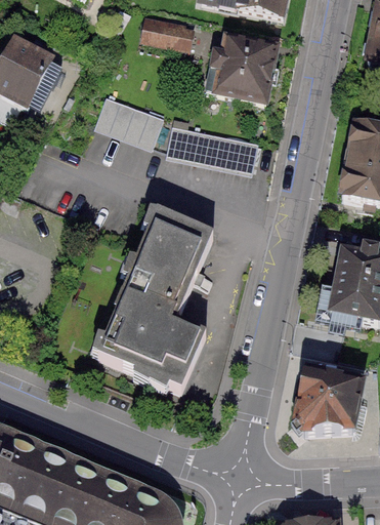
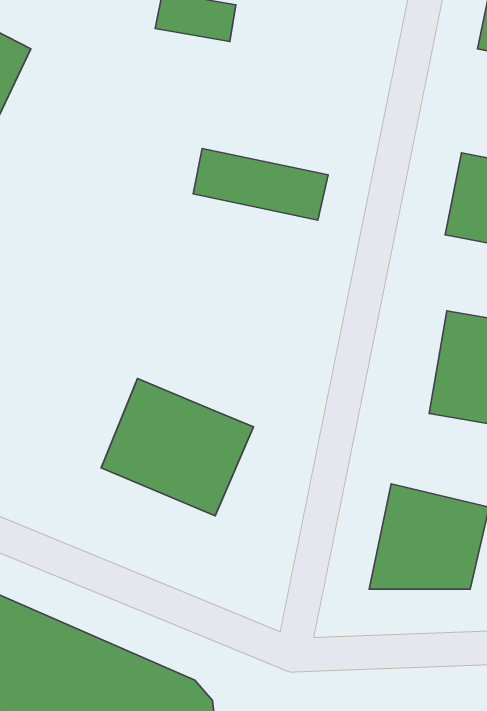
building: [213,31,284,104] -> none
building: [91,95,163,151] -> none
building: [125,217,207,310] -> none

